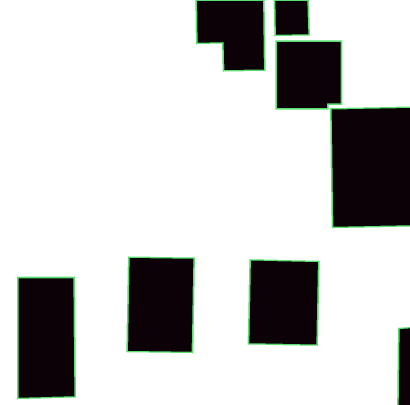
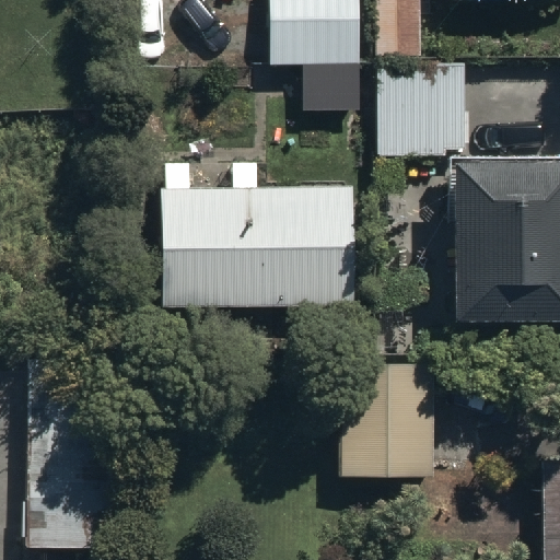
building: none -> [161,185,357,310]
building: [127,257,194,352] -> none

